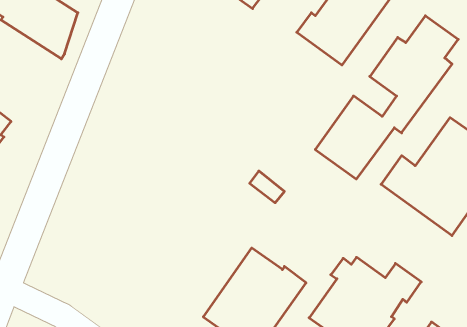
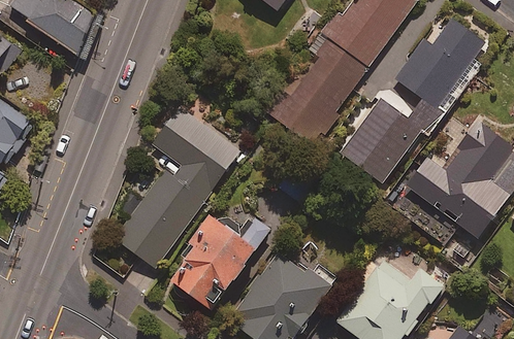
building: none -> [264,32,367,145]
building: none -> [115,107,237,267]
building: none -> [170,213,274,312]

